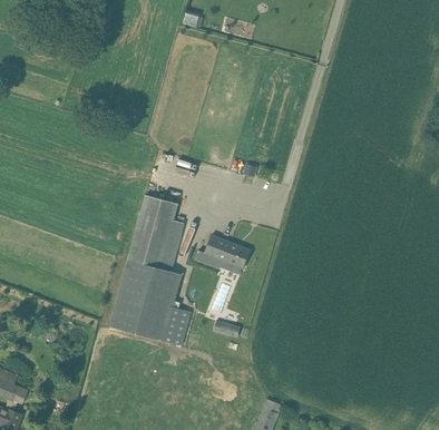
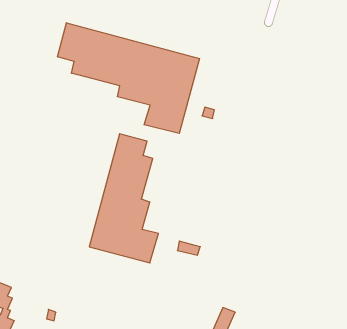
building: none -> [58,23,200,133]
building: [195,234,251,274] -> none

